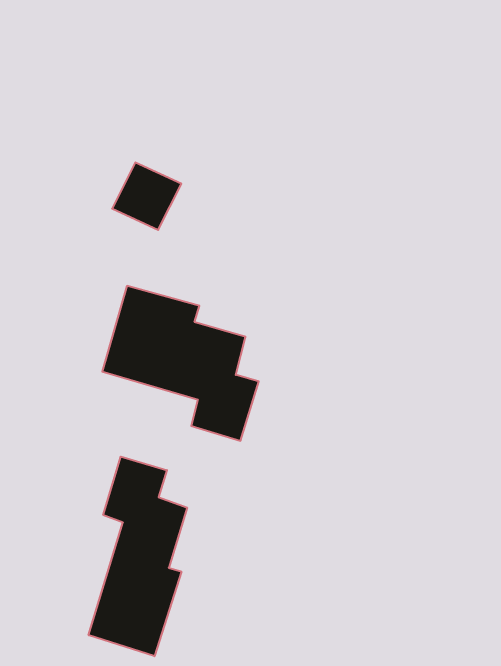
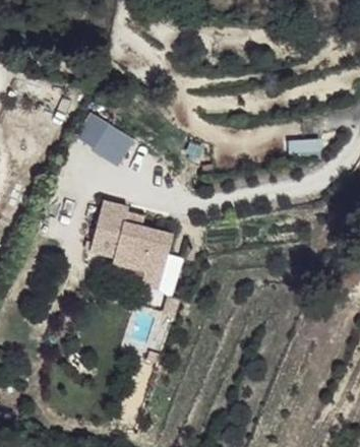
building: [89,457,187,656] -> none

